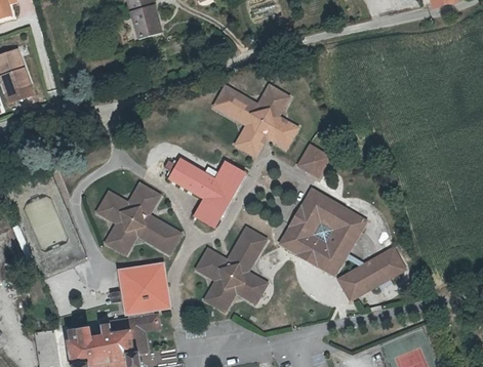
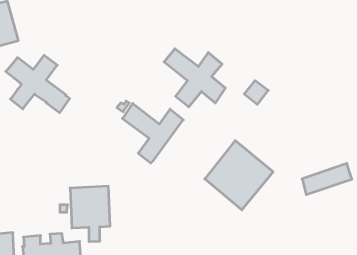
building: [300,147,329,175] -> [244,81,268,104]
building: [96,185,177,252] -> [6,55,70,113]
building: [198,229,264,309] -> none
building: [340,252,401,295] -> [302,163,352,195]

